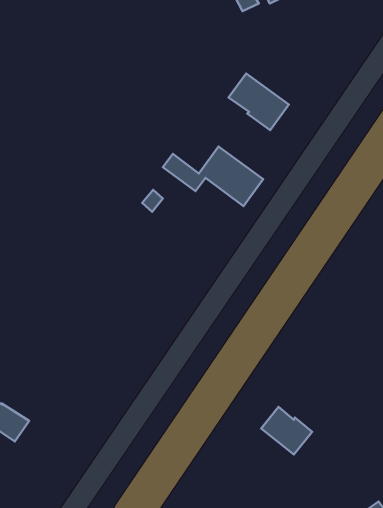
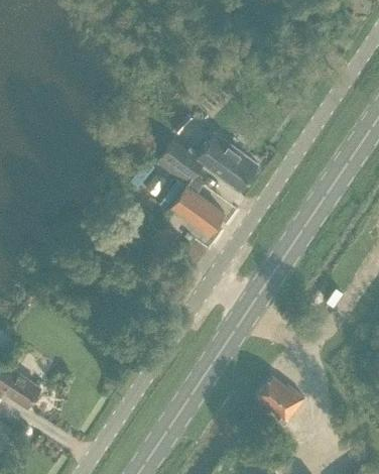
building: [229,73,289,130] -> none
building: none -> [158,156,225,237]

